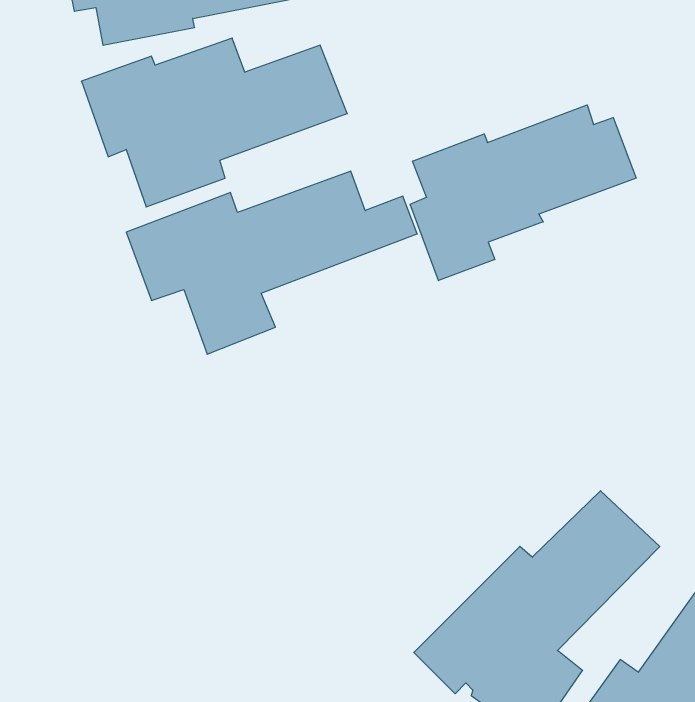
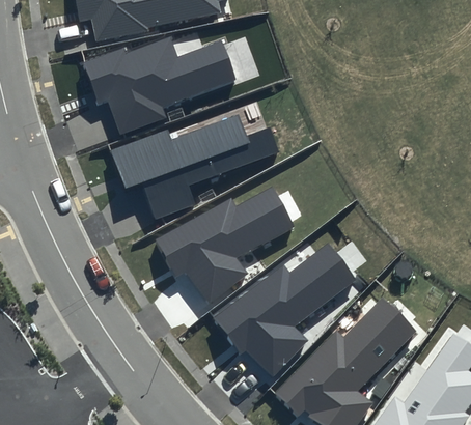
building: [410,105,636,281] -> none
building: none -> [160,183,299,299]
building: none -> [214,244,356,376]

